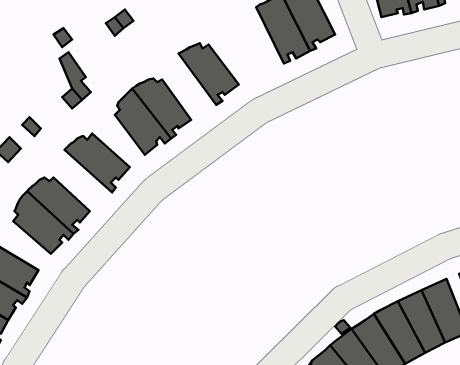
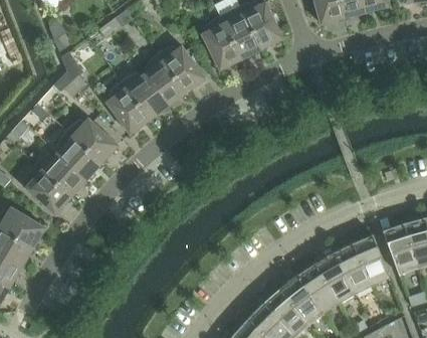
building: none -> [202,16,242,70]
building: none -> [145,53,188,107]
building: none -> [56,131,104,180]

